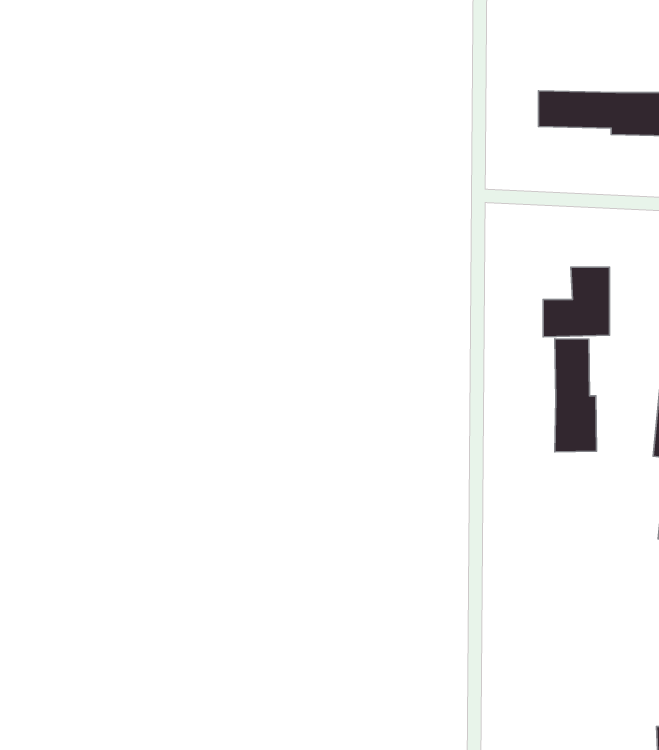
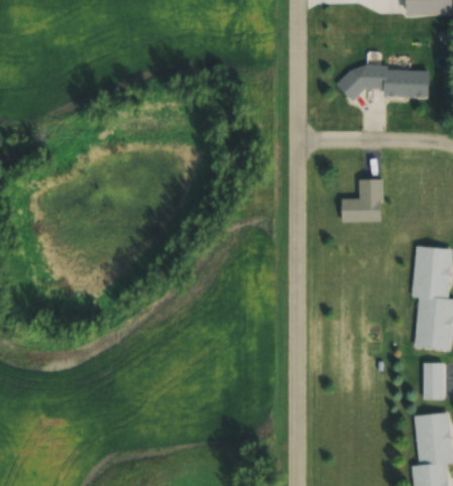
building: [555,339,596,452] -> none

